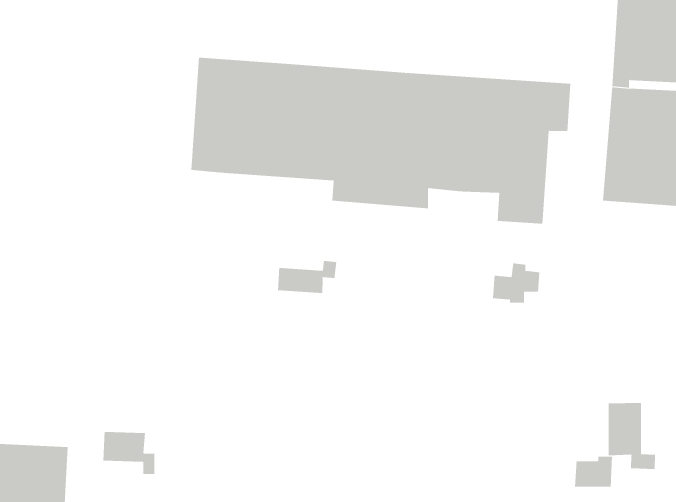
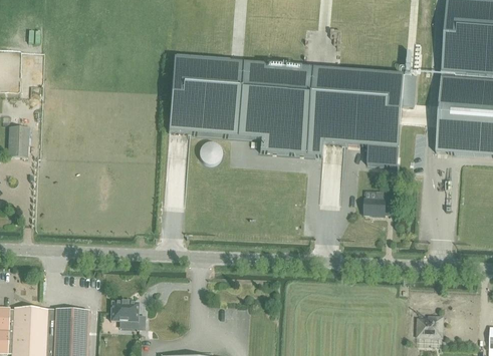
building: [278,260,337,294] -> none
building: [608,402,656,470] -> none

